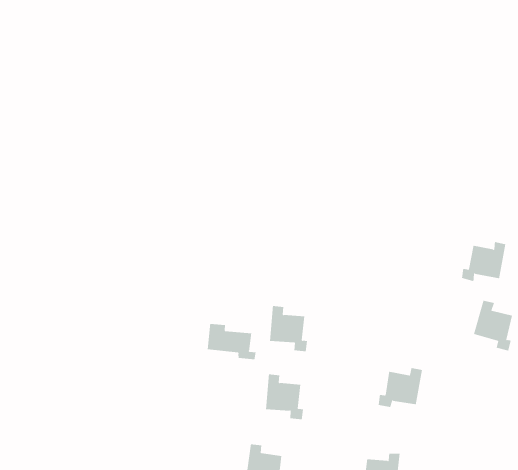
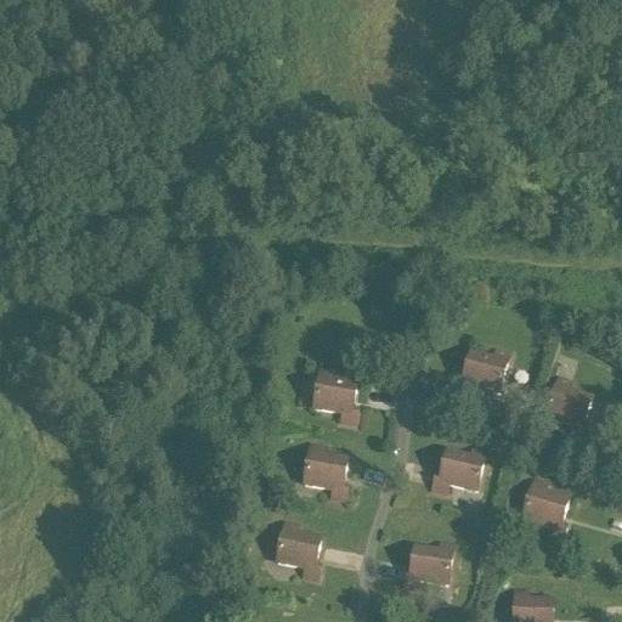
building: [461,242,506,282] -> [454,347,508,391]
building: [207,323,256,360] -> none
building: none -> [522,477,567,536]

